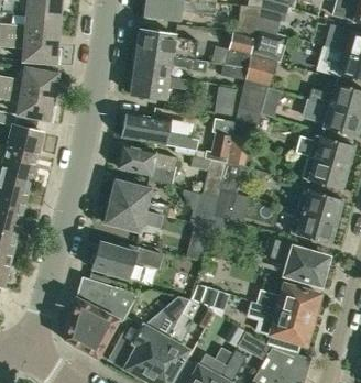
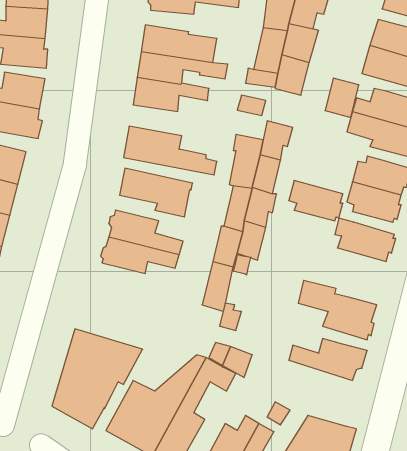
building: [239,80,266,112] -> [325,78,359,117]
building: [292,210,336,243] -> [289,180,343,221]
building: [91,240,163,280] -> none
building: [252,302,310,344] -> none

